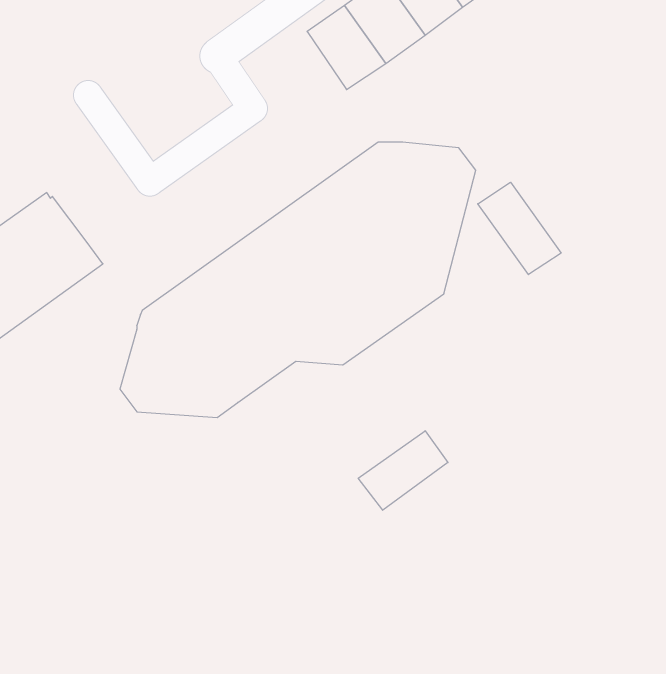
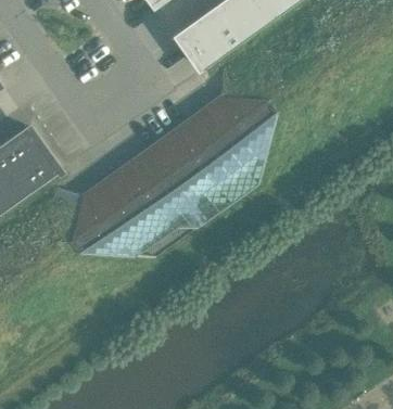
building: [478,182,561,275] -> none
building: [358,431,448,510] -> none

